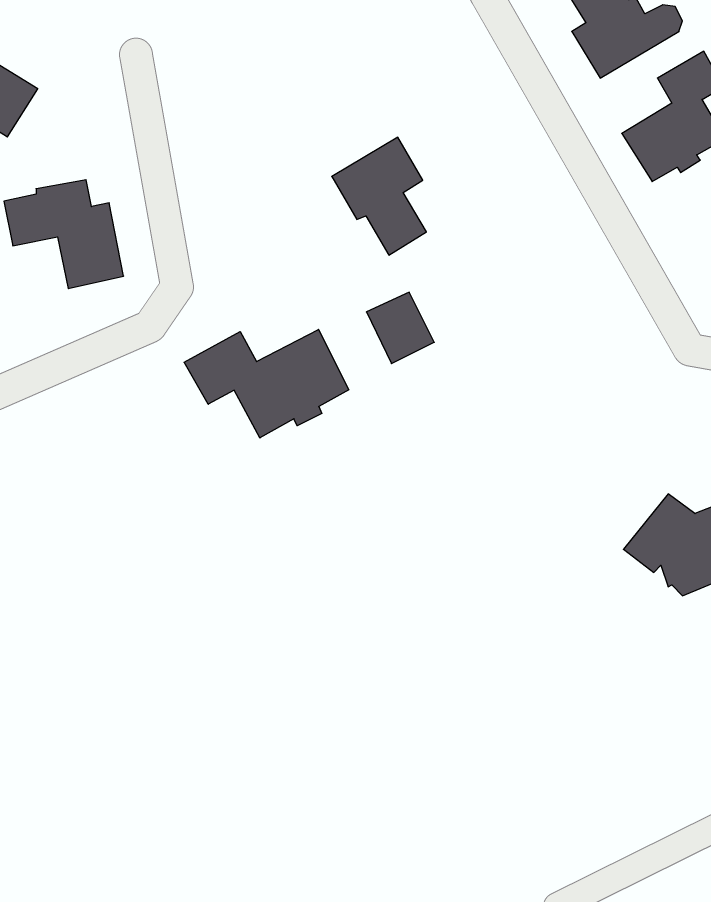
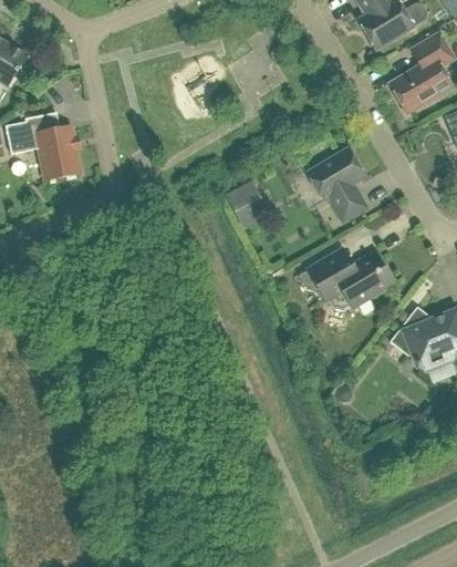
building: [332,137,426,255] -> [308,148,366,221]
building: [184,329,349,438] -> none
building: none -> [307,248,395,310]

